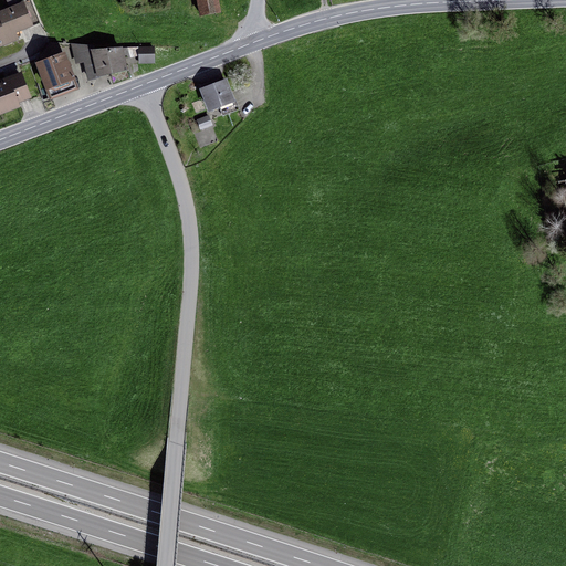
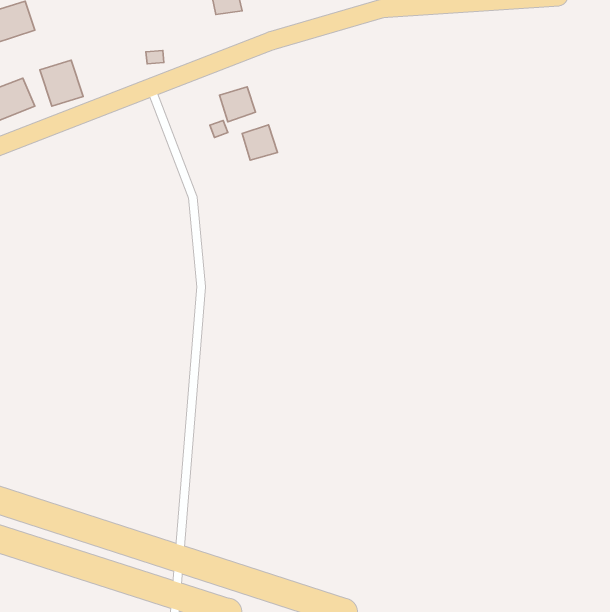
building: [67,43,125,78] -> none
building: none -> [242,125,277,160]

